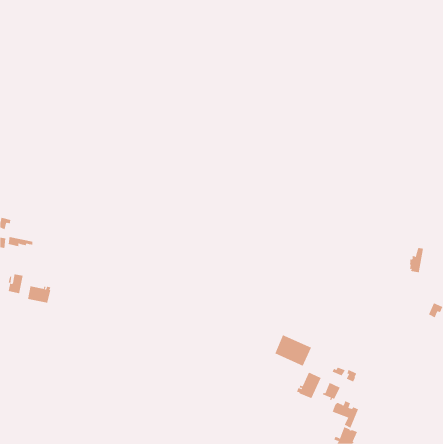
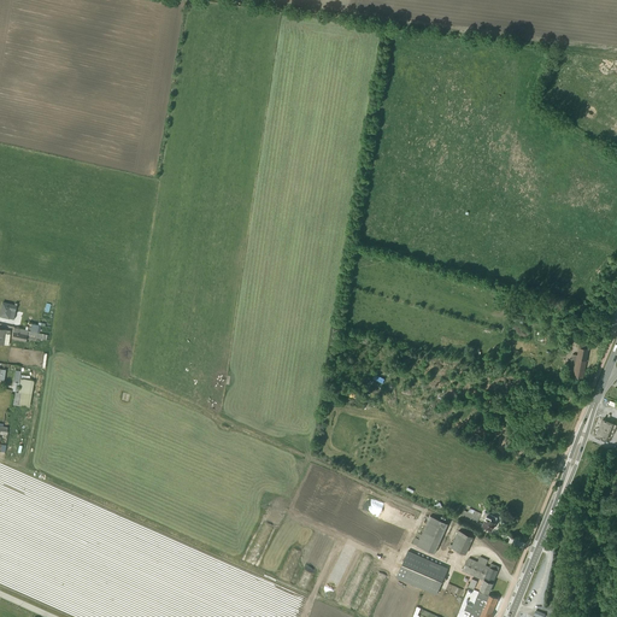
building: [28,286,51,303] -> none
building: [275,334,312,367] -> [395,551,447,595]

